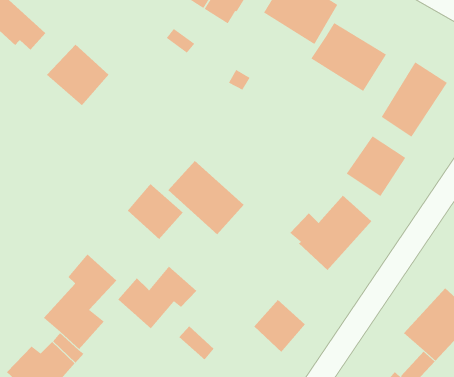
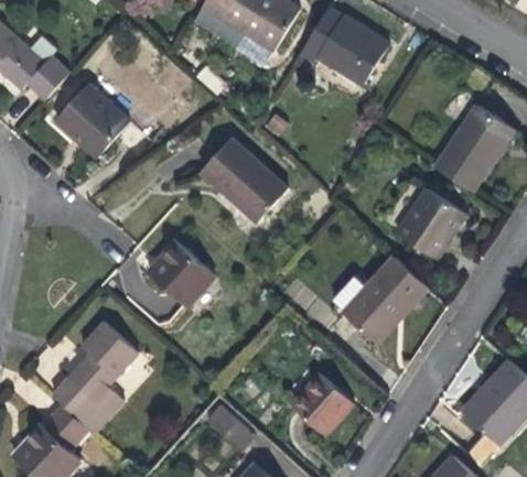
building: [310,22,387,92] -> none
building: [168,160,244,235] -> [200,138,287,223]
building: [117,266,197,329] -> none

